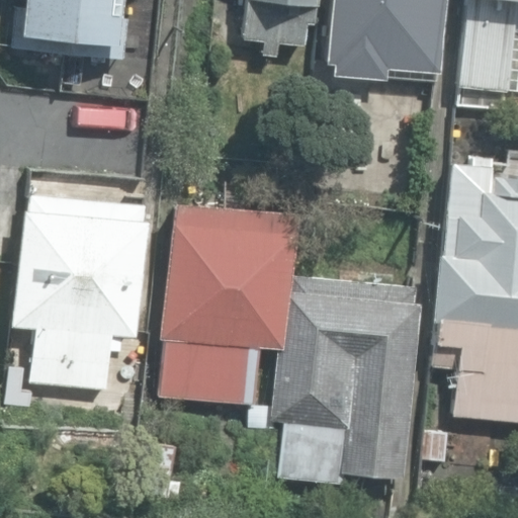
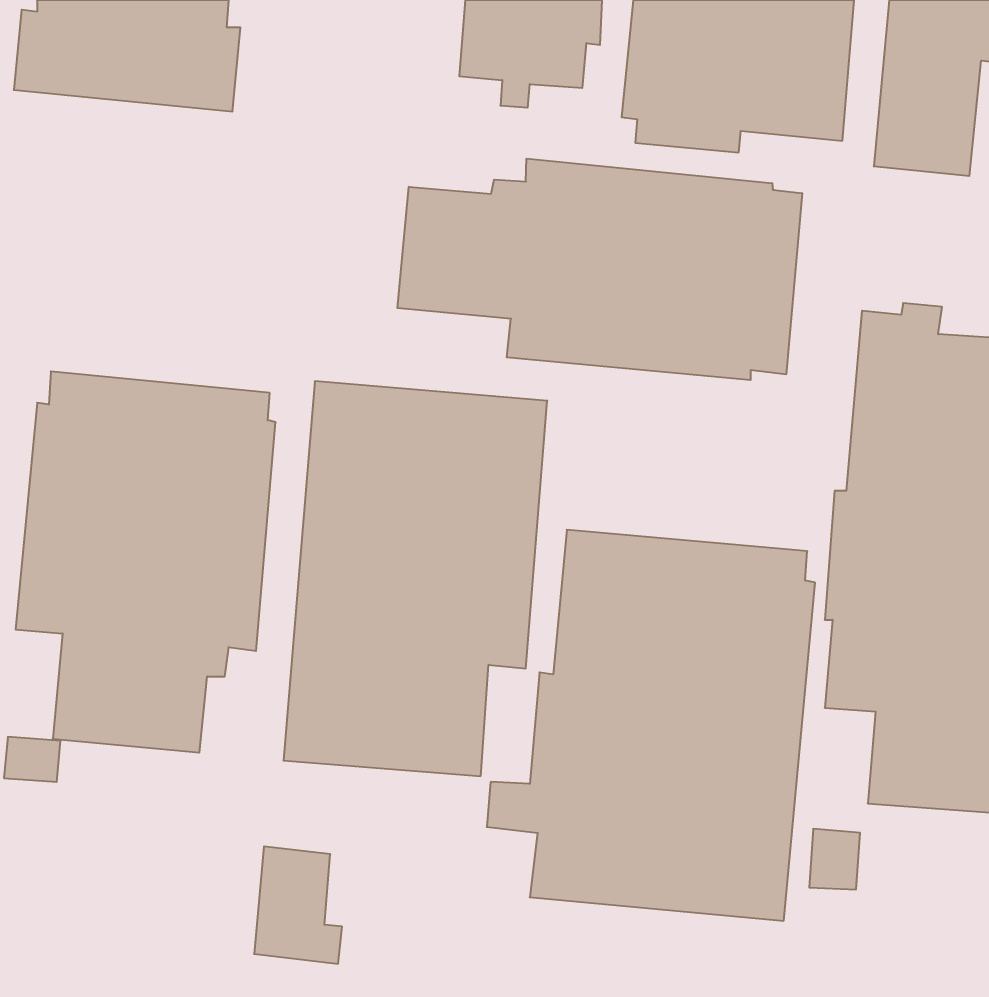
building: none -> [397,159,802,380]

